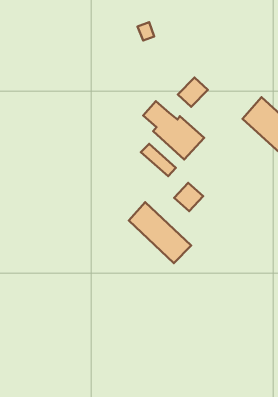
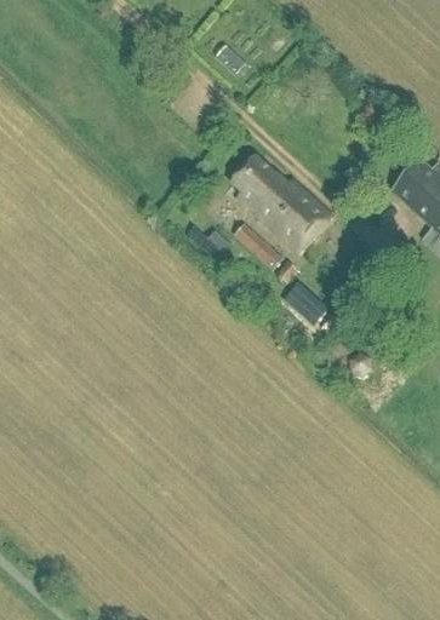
building: [178,77,208,107] -> none
building: [129,202,191,263] -> none

